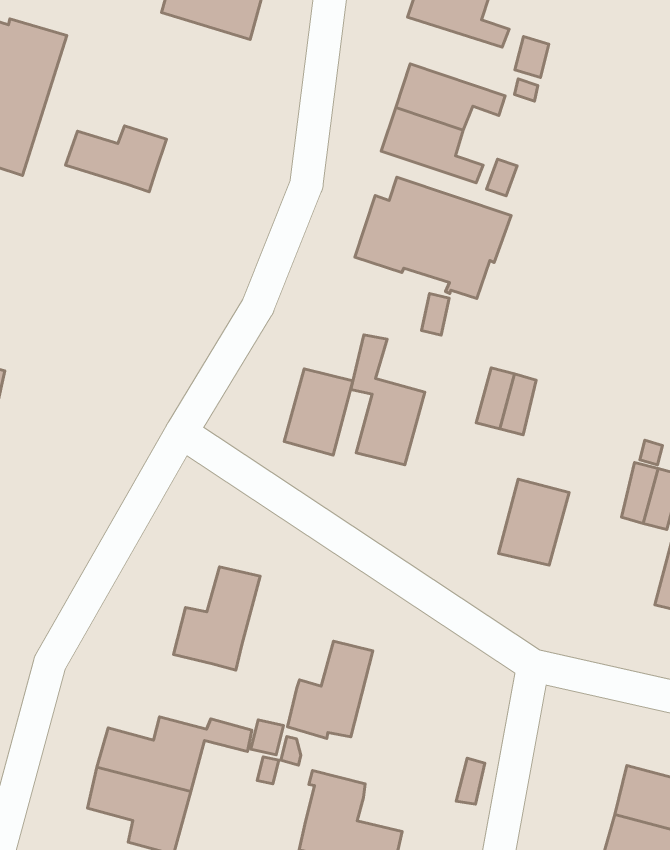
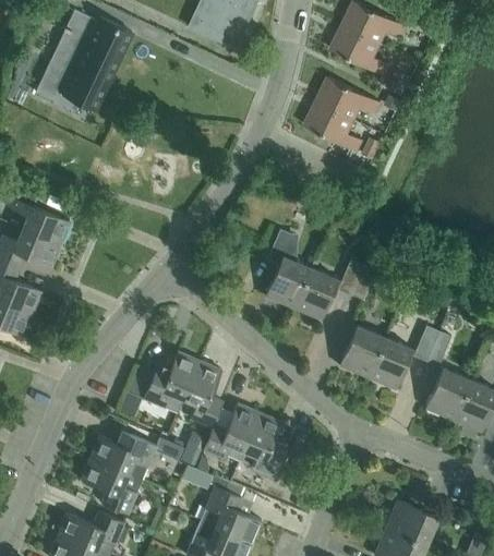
building: [65,126,166,192] -> none
building: [355,177,511,298] -> none
building: [284,369,353,455] -> [292,268,337,321]
building: none -> [368,338,411,390]
building: none -> [183,361,222,428]
building: none -> [239,413,284,480]

